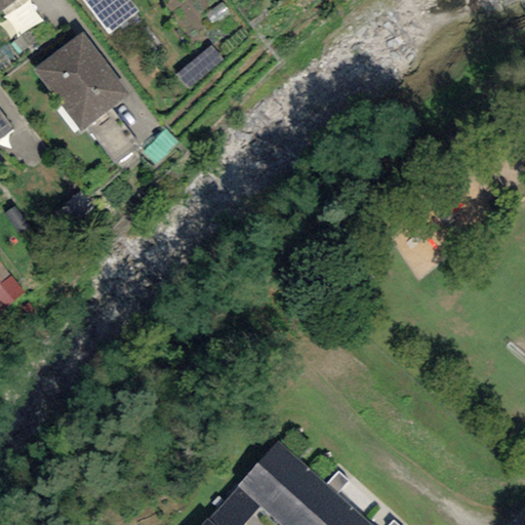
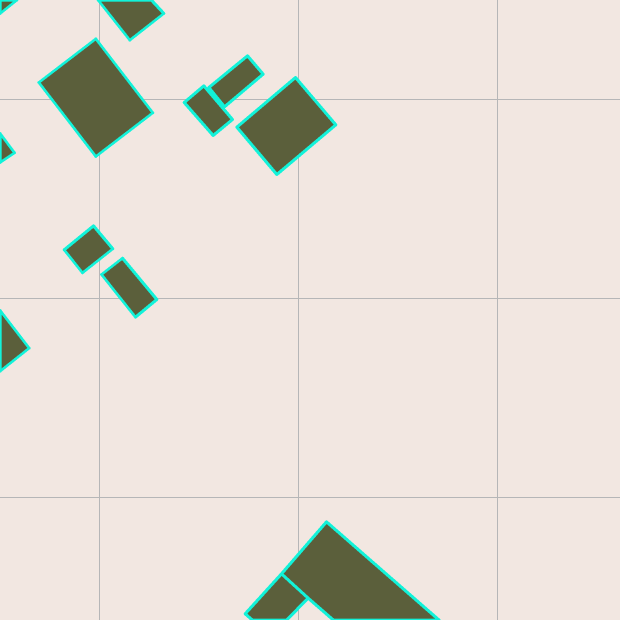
building: none -> [237,78,336,175]
building: none -> [184,86,232,135]
building: none -> [101,258,157,317]

